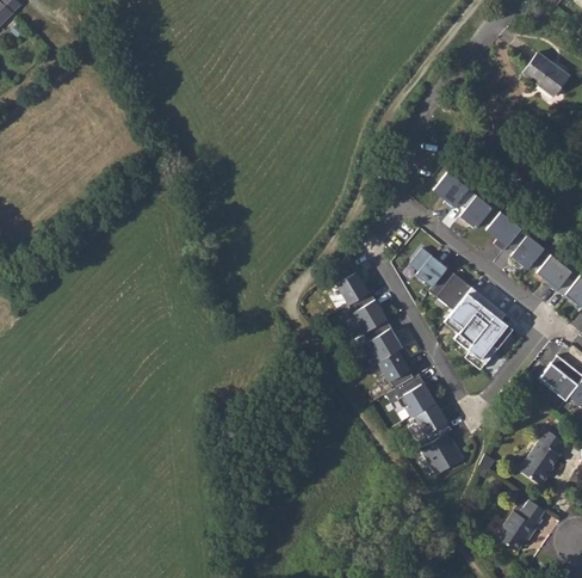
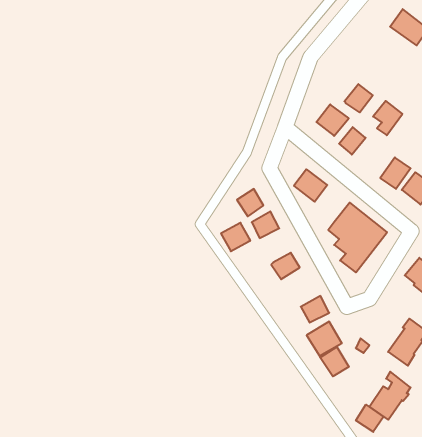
building: none -> [344,84,373,112]
building: [485,210,521,252] -> [373,101,402,135]
building: [435,273,472,312] -> none
building: [367,326,403,361] -> [221,223,250,251]
building: [398,380,437,417] -> none
building: none -> [320,347,349,376]
building: none -> [356,405,384,432]

